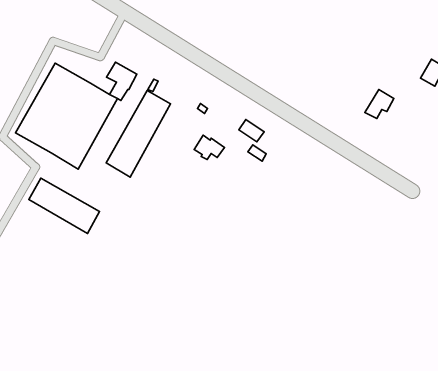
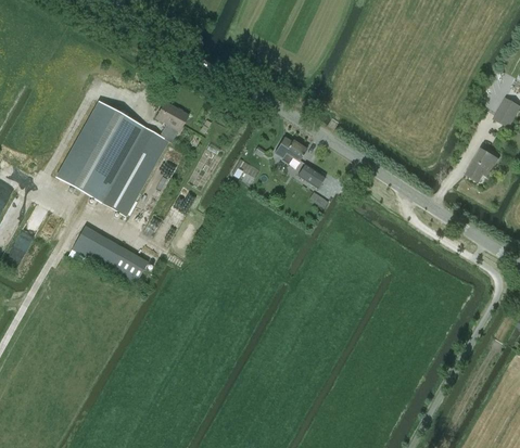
building: [365,89,394,119] -> [466,148,497,179]
building: [106,90,171,177] -> none
building: [194,135,224,159] -> [274,136,306,162]

